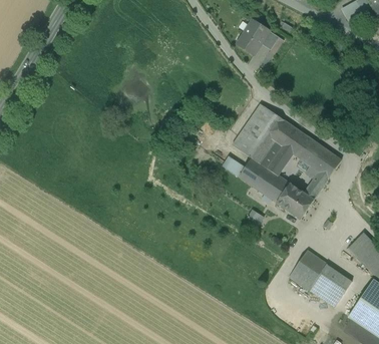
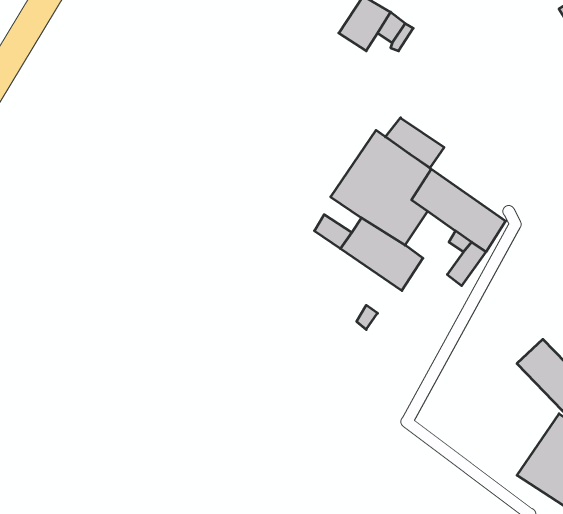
building: none -> [385,118,444,168]
building: [277,183,314,219] -> none
building: [289,251,352,307] -> none

